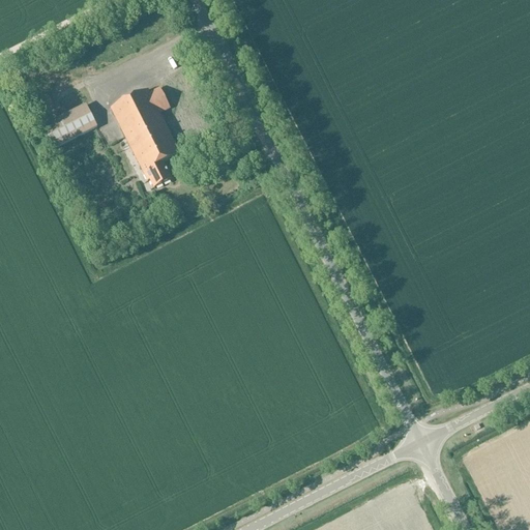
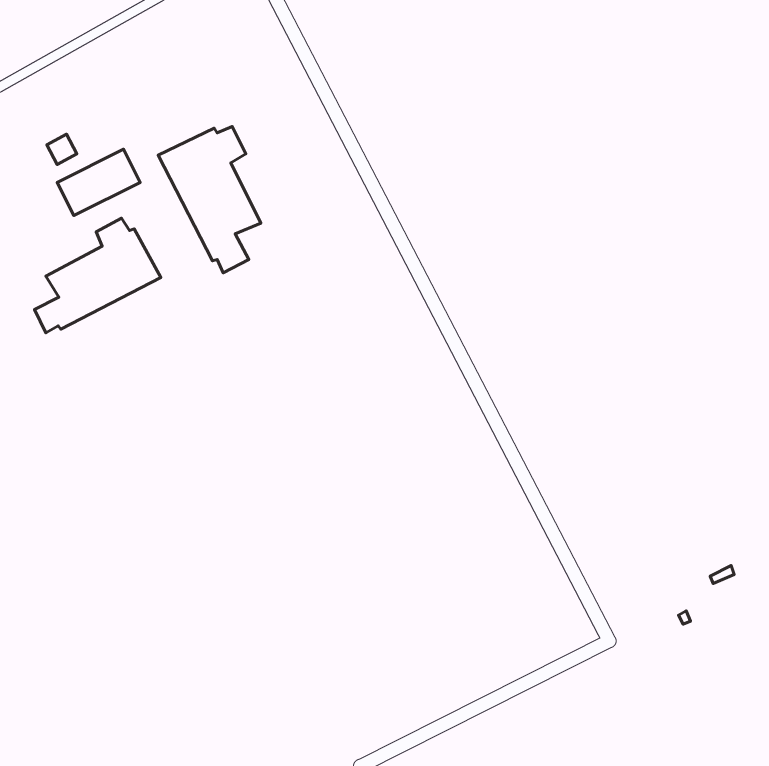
building: none -> [34,218,161,333]

